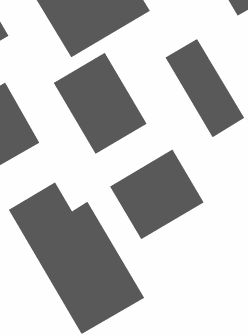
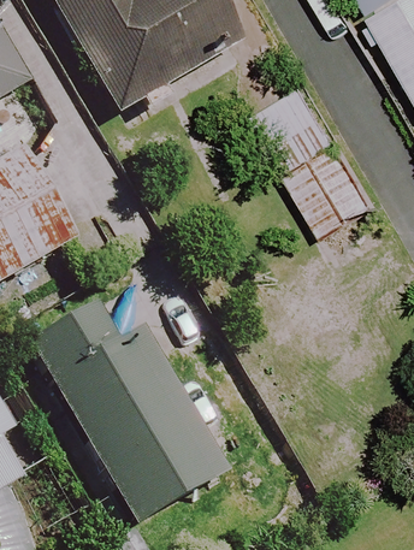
building: [53,52,147,155] -> none
building: [109,149,204,240] -> none

